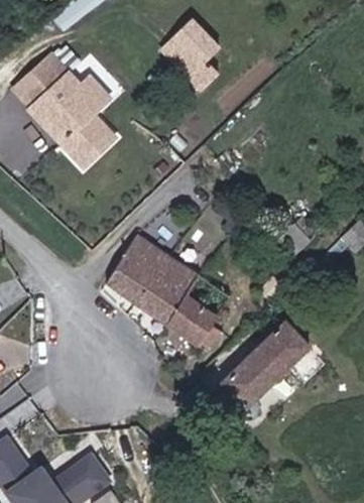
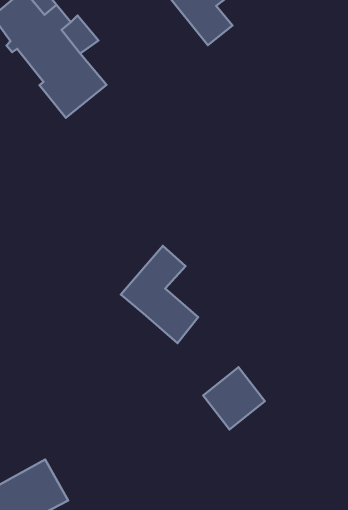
building: [106,237,175,307] -> none
building: [247,324,309,385] -> none

